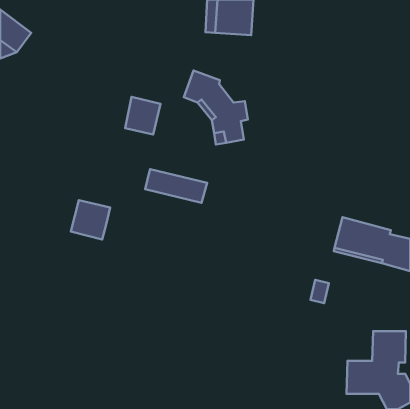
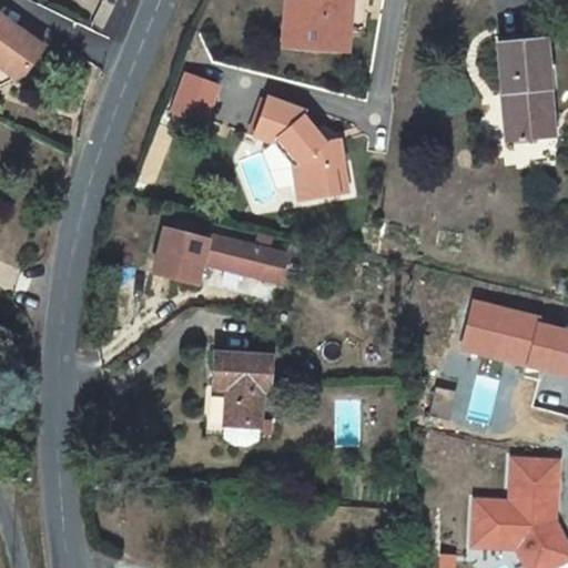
building: none -> [498,40,554,139]
building: [125,97,160,134] -> [168,70,216,122]
building: [71,200,110,240] -> [152,229,206,283]
building: none -> [214,352,271,444]

